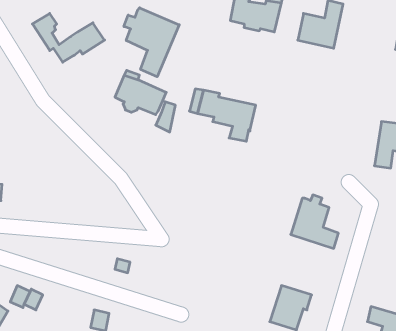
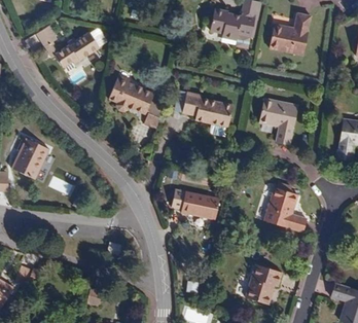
building: [124,8,179,77] -> none
building: none -> [259,98,296,144]
building: none -> [12,137,48,178]
building: none -> [171,189,219,219]

